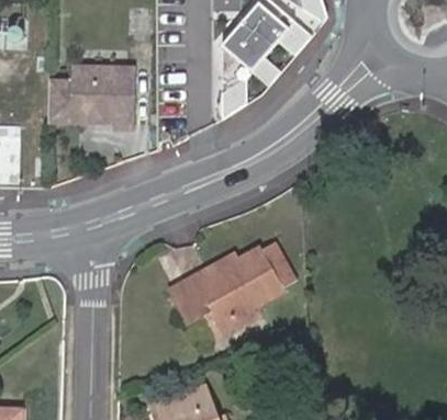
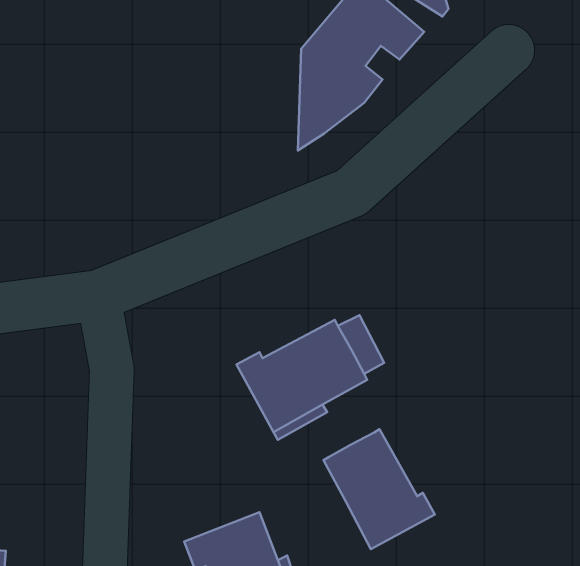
building: [46,68,131,130] -> none
building: none -> [323,429,435,549]

